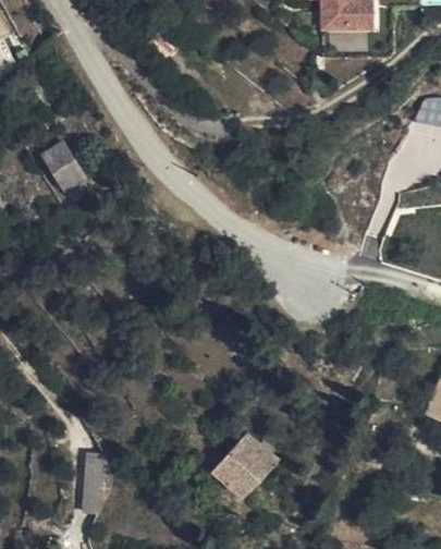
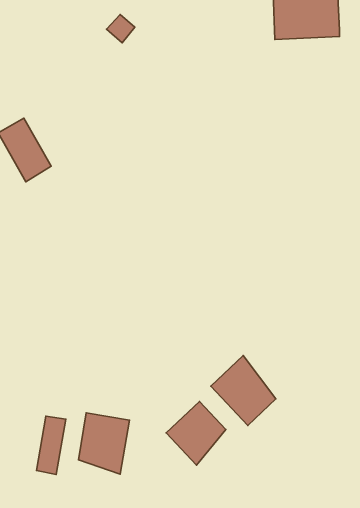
building: none -> [211,356,276,426]
building: none -> [78,413,129,474]

